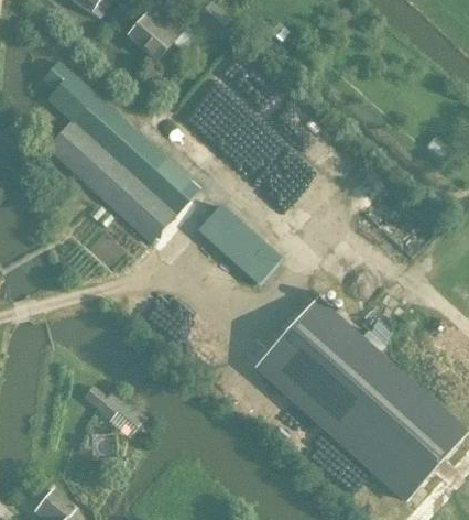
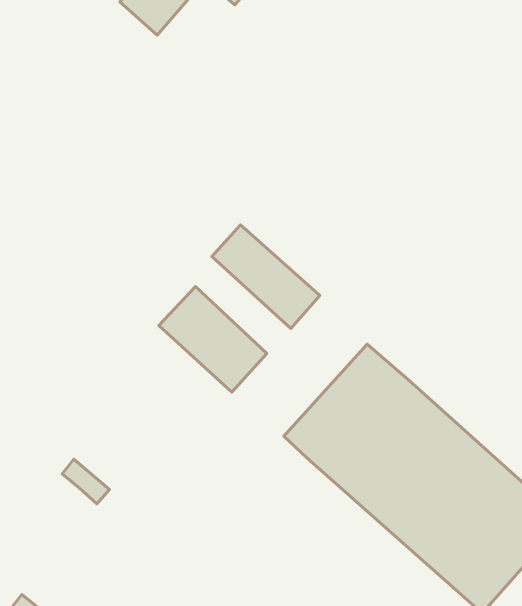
building: [43,59,199,250] -> none
building: none -> [159,287,267,392]

